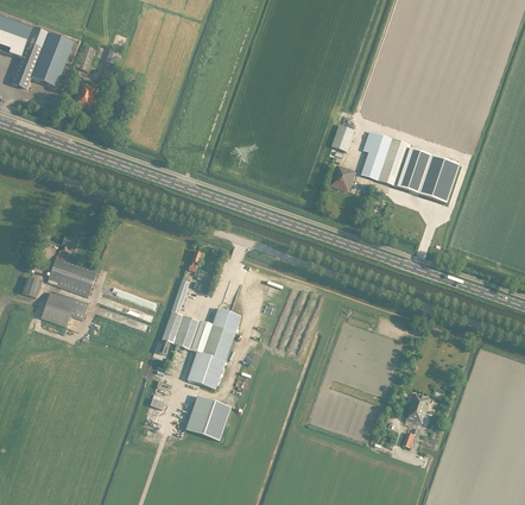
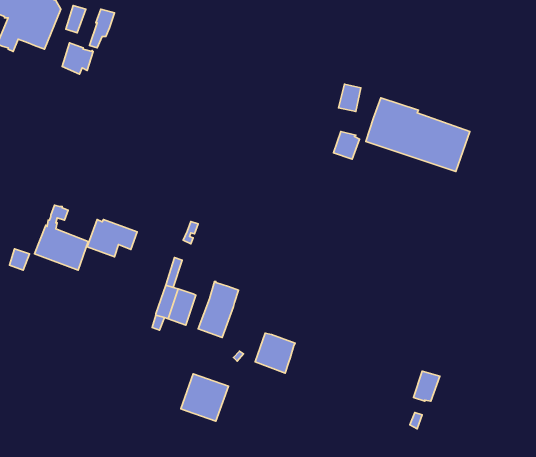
building: [40,291,88,327] -> [87,219,137,257]
building: [186,352,224,390] -> [255,333,295,373]

